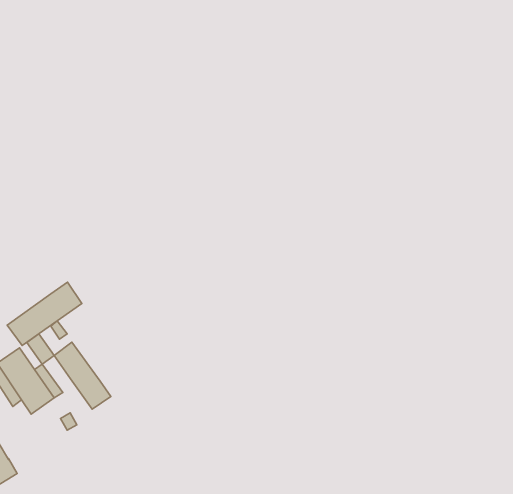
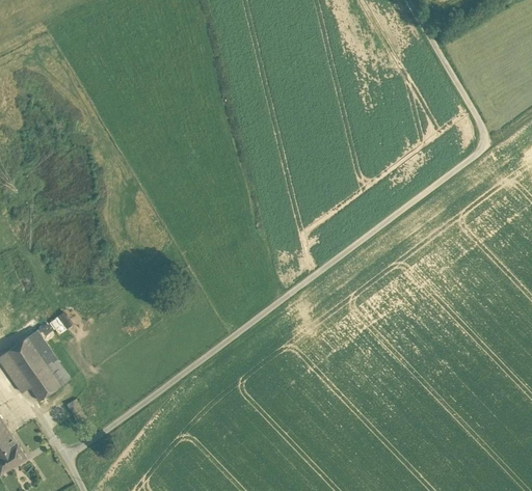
building: [7,282,82,345] -> none
building: [54,342,111,409] -> none

